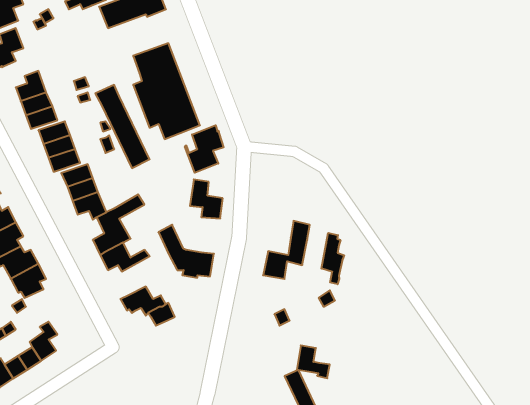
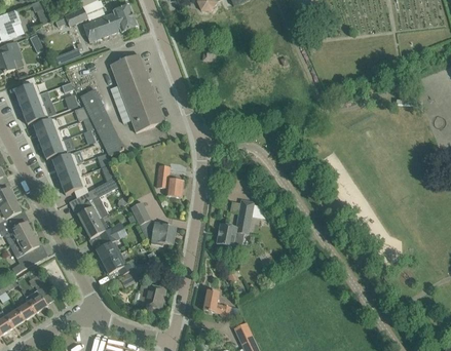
building: [185,125,224,173] -> none
building: [321,233,344,284] -> none
building: none -> [95,227,126,262]
building: none -> [138,282,164,308]
building: [297,345,330,378] -> [203,289,230,316]

